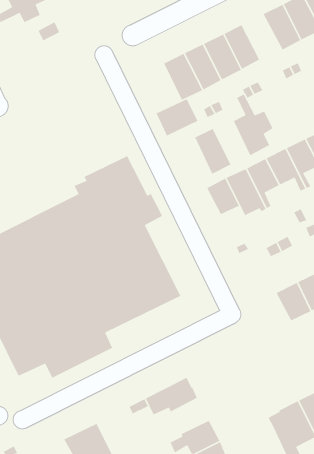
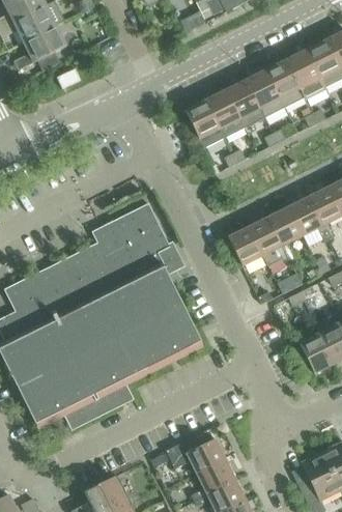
building: none -> [264,60,305,107]
building: [233,94,273,156] -> none
building: [156,98,198,137] -> none
building: [194,128,232,175] -> none
building: none -> [192,450,231,486]

